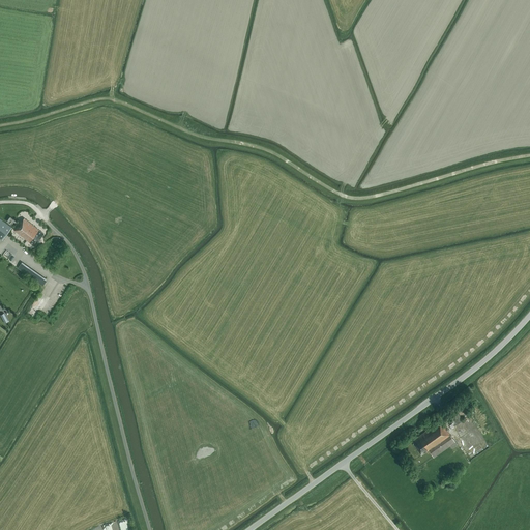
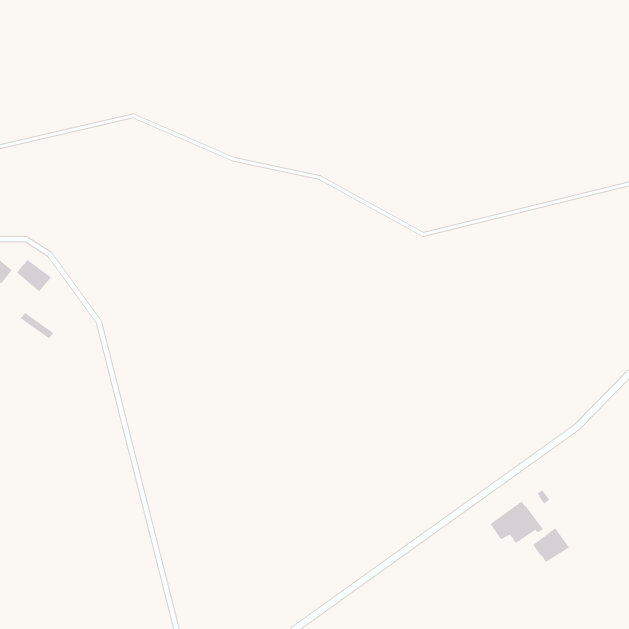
building: none -> [533,528,570,563]

